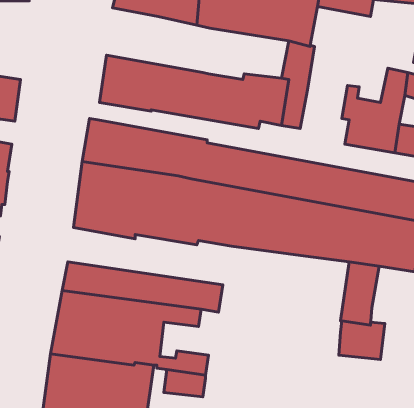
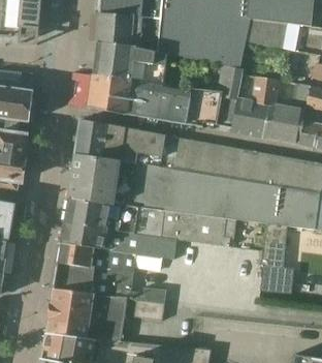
building: none -> [92,39,166,86]
building: none -> [230,75,277,138]
building: none -> [64,198,235,247]

